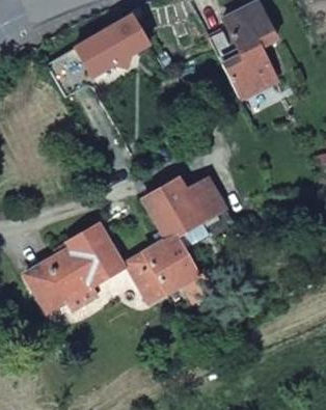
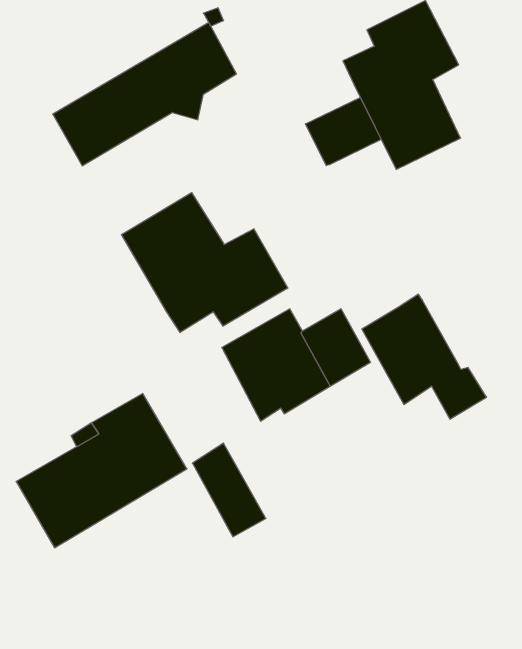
building: none -> [305,98,381,166]
building: none -> [121,193,288,333]
building: [142,233,213,303] -> [362,294,487,419]

